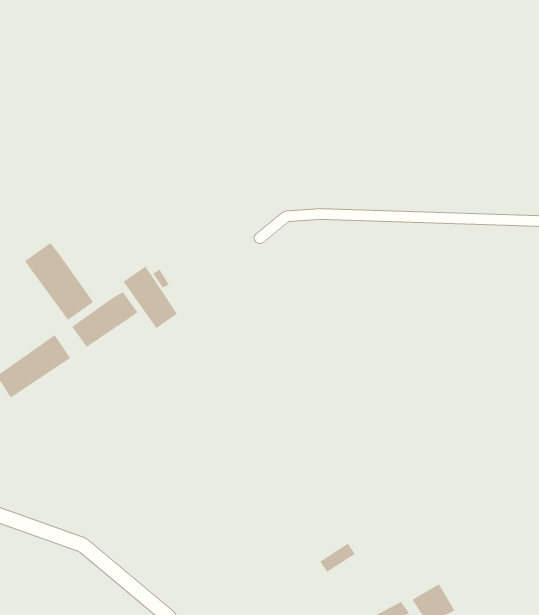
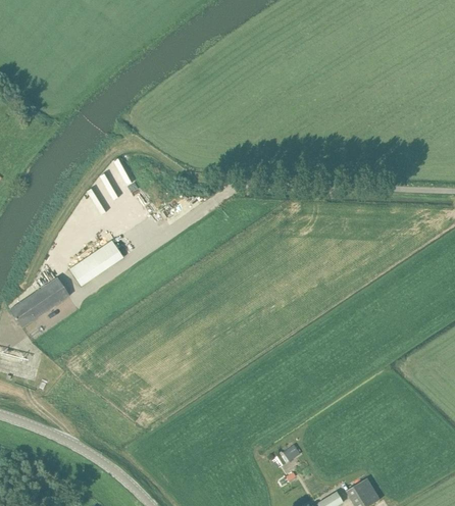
building: [24,242,94,321] -> none
building: [123,265,178,329] -> none

